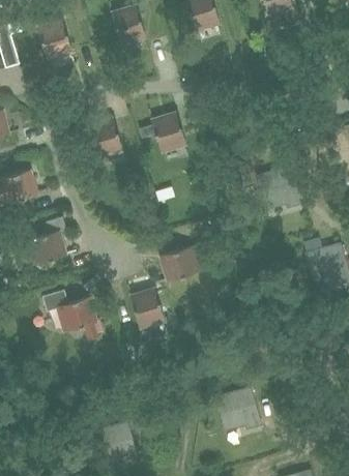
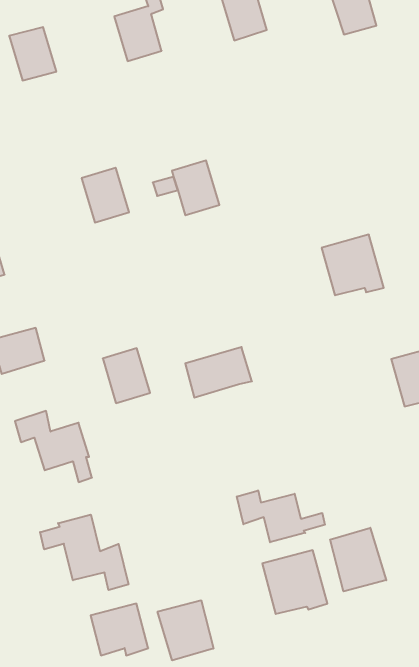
building: [130,289,164,327] -> [103,348,150,403]
building: none -> [237,490,325,542]
building: none -> [40,515,128,590]
building: none -> [330,528,386,591]
building: none -> [158,600,213,660]

